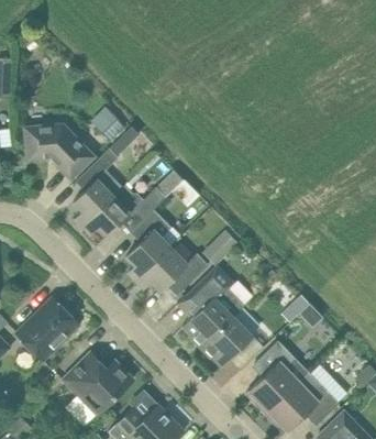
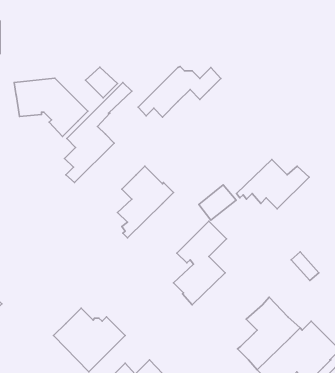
building: [82,186,165,237] -> [138,66,221,117]
building: [135,248,208,297] -> [237,159,309,209]
building: [14,297,79,362] -> none
building: [200,317,253,367] -> none

